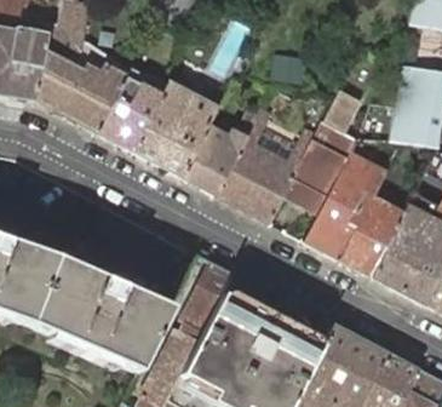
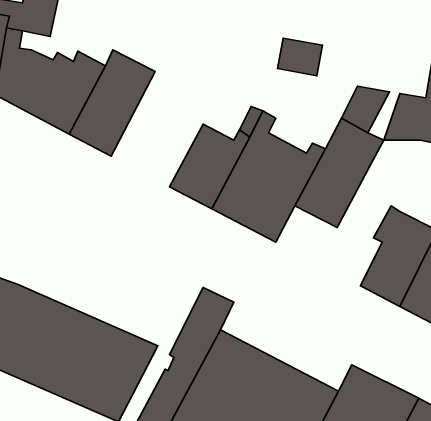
building: [133,82,224,178] -> none
building: [305,155,386,260] -> none

